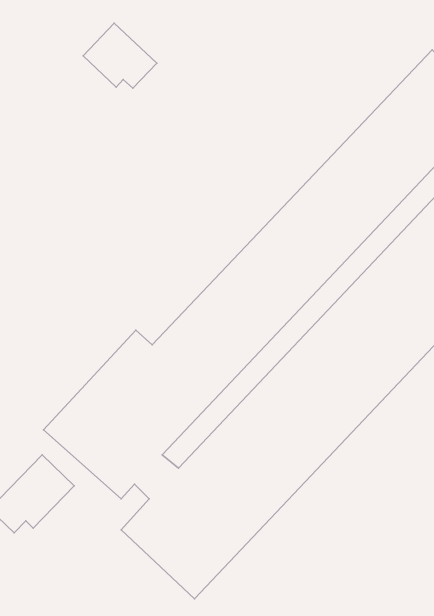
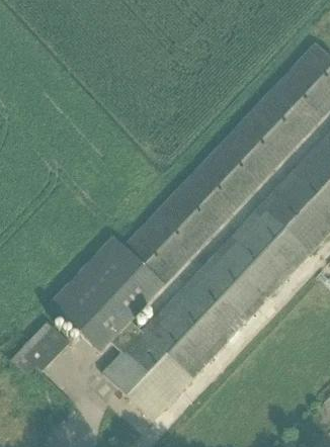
building: [83,23,157,88] -> none

